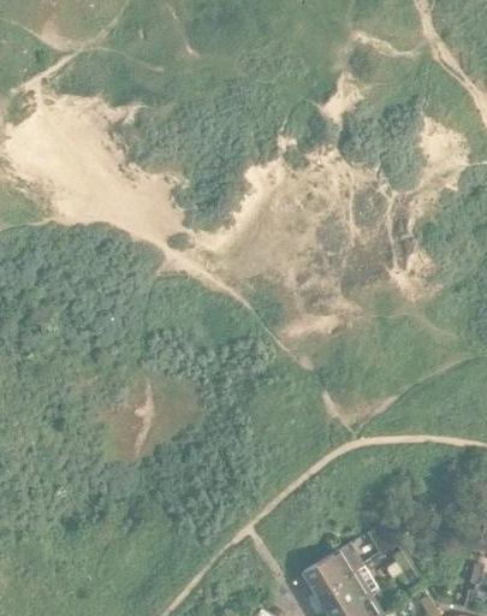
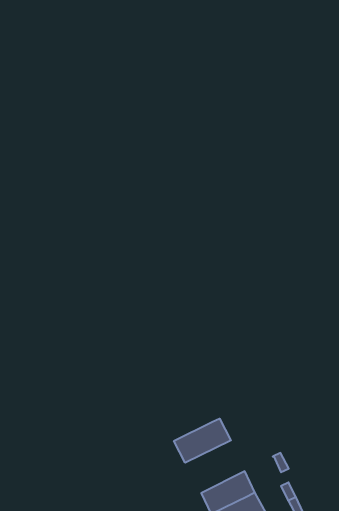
building: none -> [174,419,231,463]

